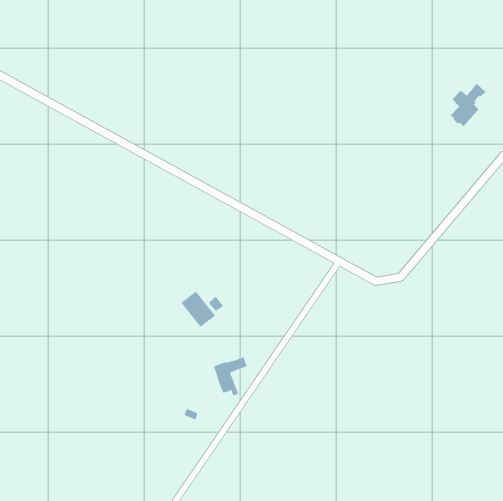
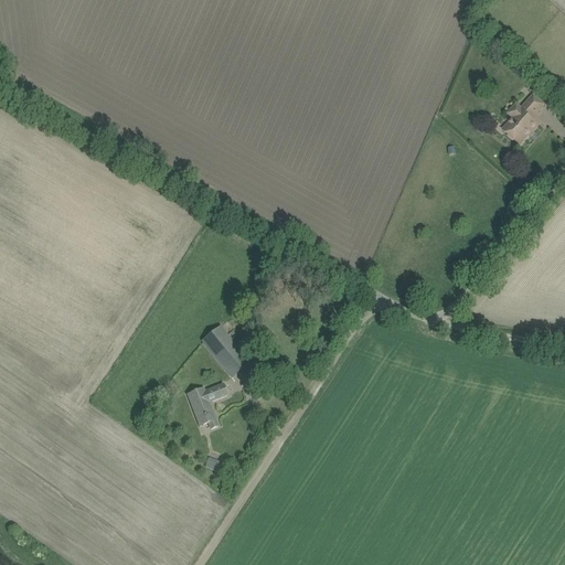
building: [213,356,248,397] -> [188,382,226,427]

